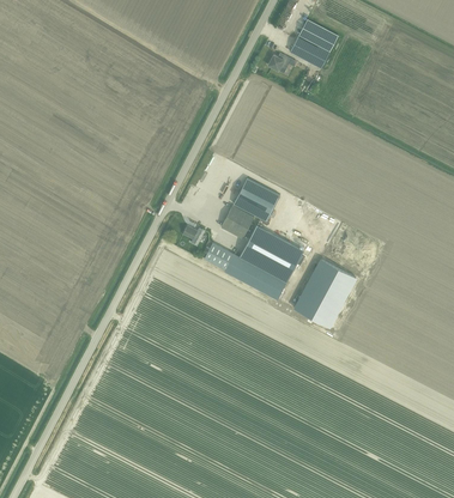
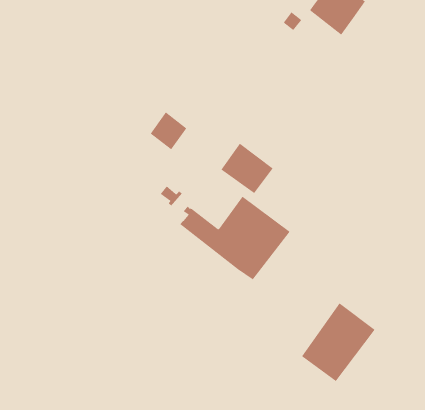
building: [220,206,253,239] -> [150,111,187,150]
building: [296,254,358,324] -> [301,303,376,382]

